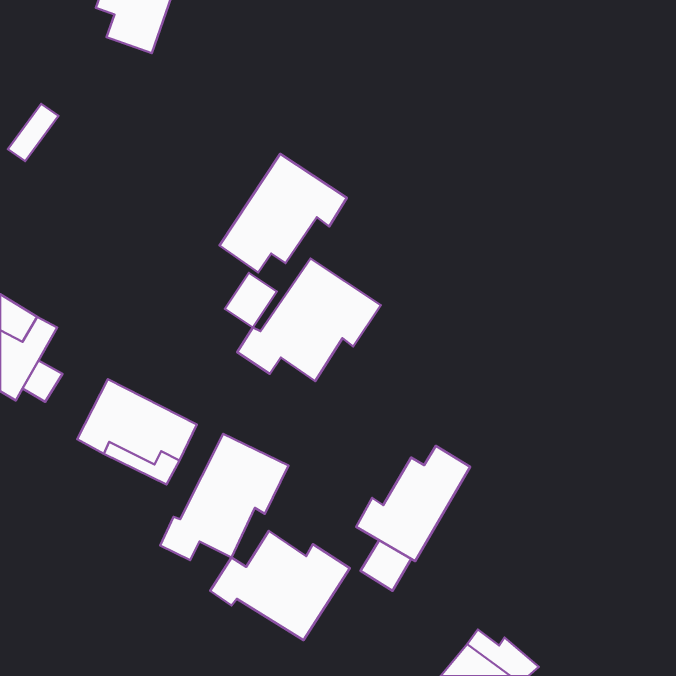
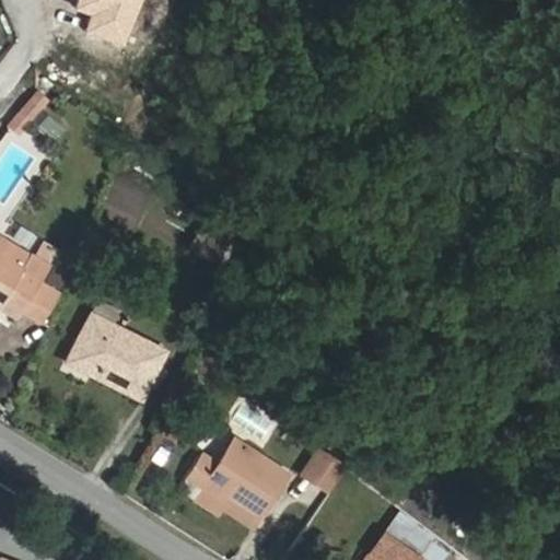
building: [219,154,347,272] -> none
building: [237,258,381,381] -> none
building: [160,434,288,560] -> none
building: [356,446,470,561] -> none

